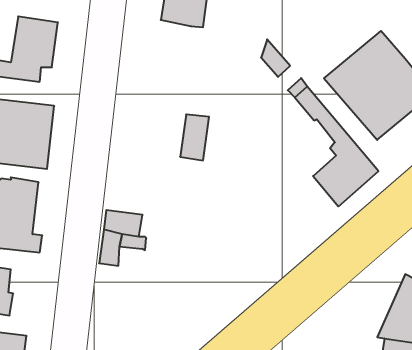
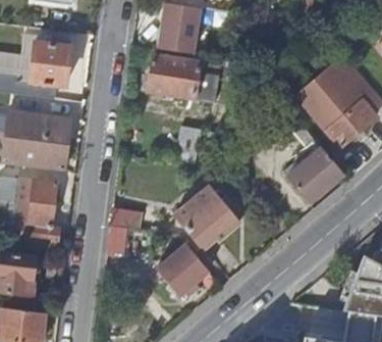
building: none -> [150,53,200,96]
building: none -> [173,183,238,246]
building: none -> [156,243,209,294]

